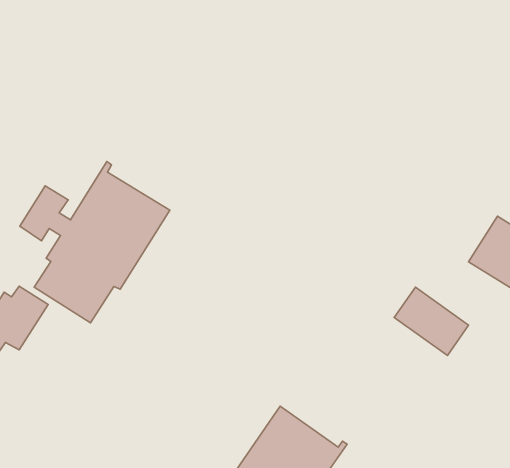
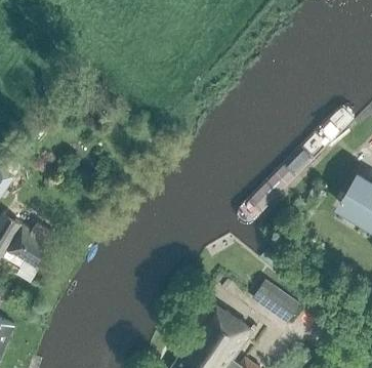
building: [20,162,170,323] -> none
building: [394,287,469,356] -> [250,281,300,327]

